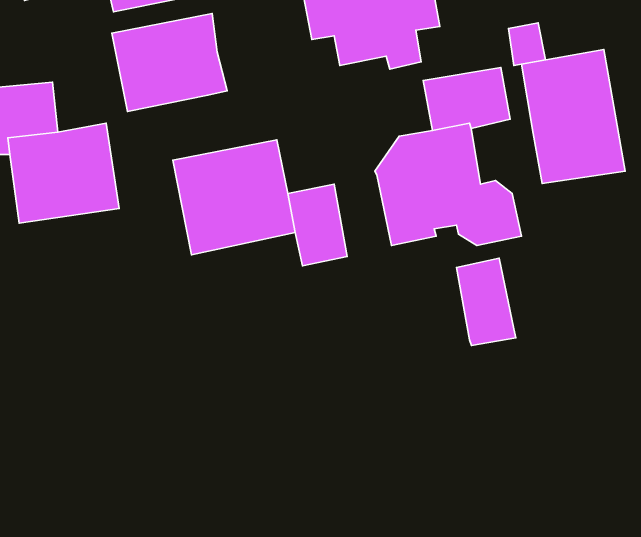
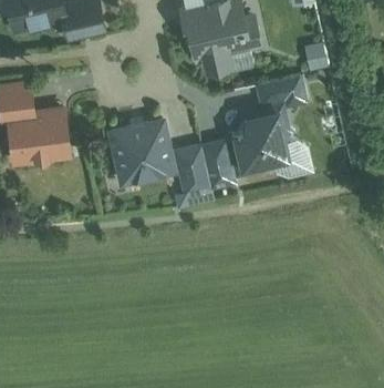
building: [112,14,227,112] -> none
building: [522,50,625,183] -> none
building: [457,258,516,345] -> [200,137,236,190]

